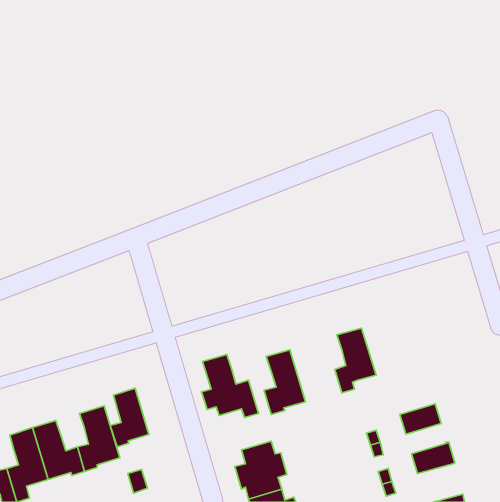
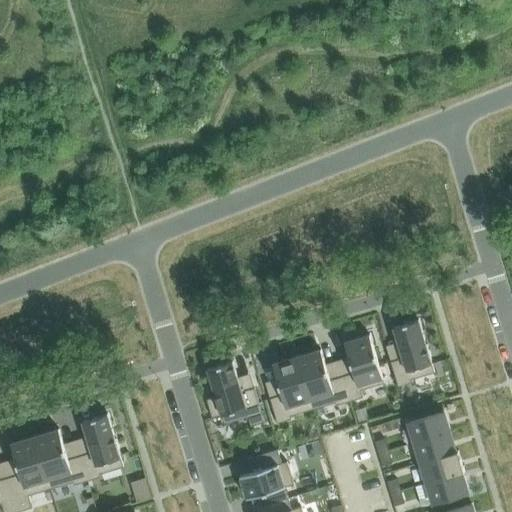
building: none -> [389,319,433,386]
building: none -> [295,349,348,409]
building: [110,388,149,447] -> none
building: none -> [413,431,455,462]
building: none -> [413,472,467,506]

